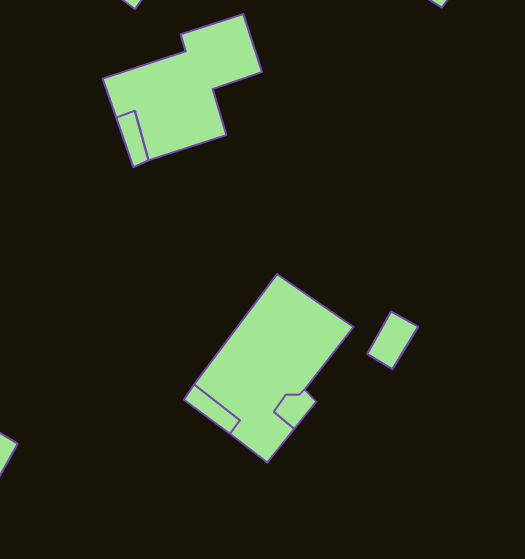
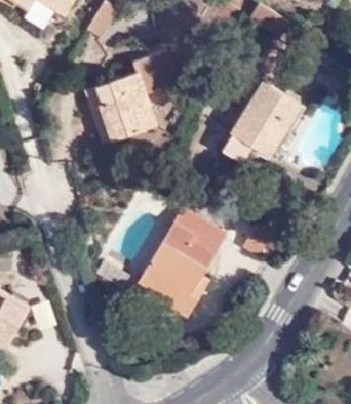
building: none -> [229,83,309,165]

